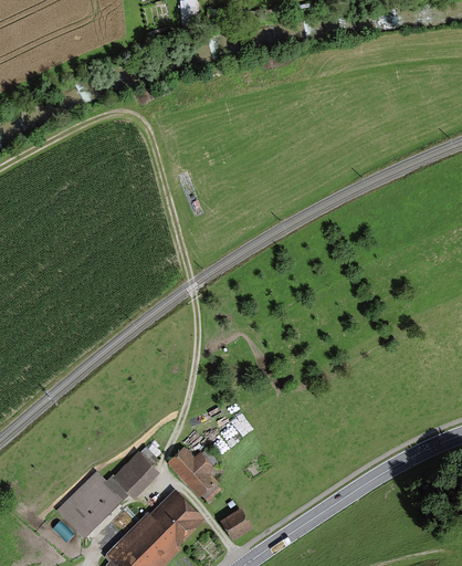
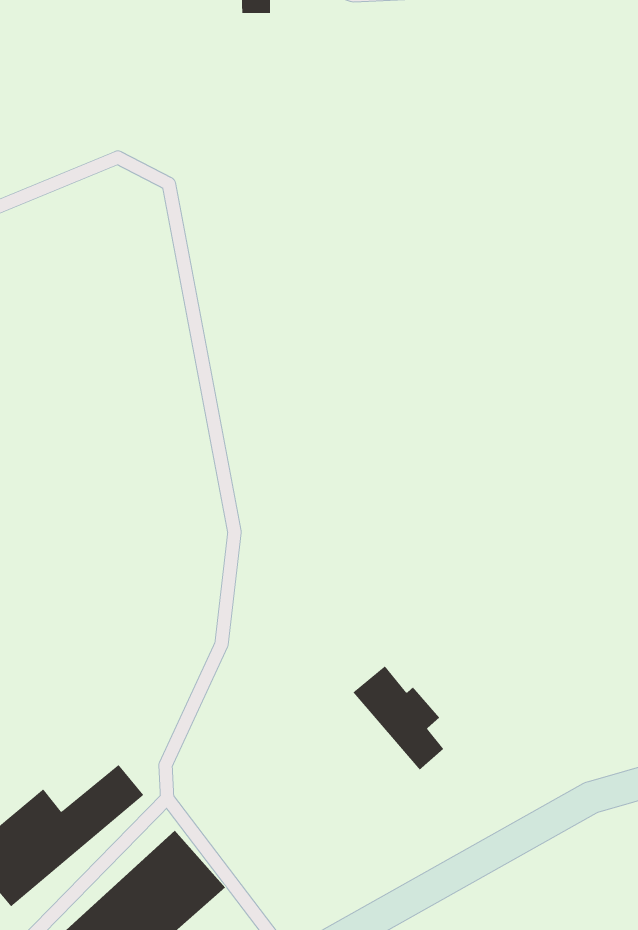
building: [167,444,221,503] -> [352,665,444,771]
building: [221,510,251,538] -> none

